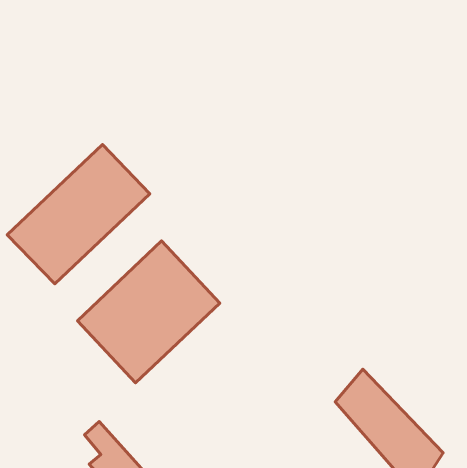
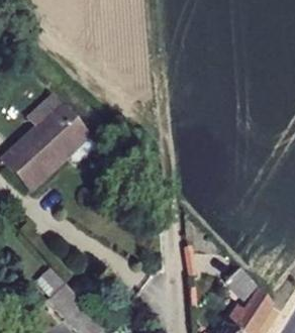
building: [77,241,220,383] -> none

